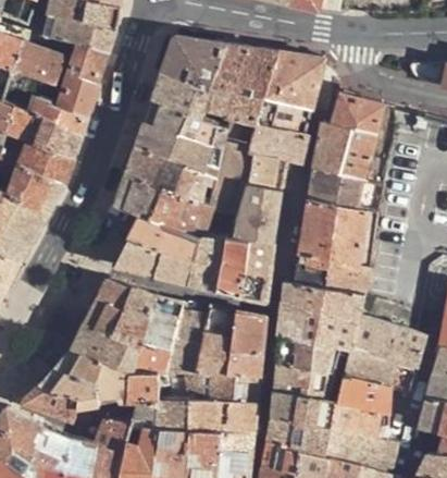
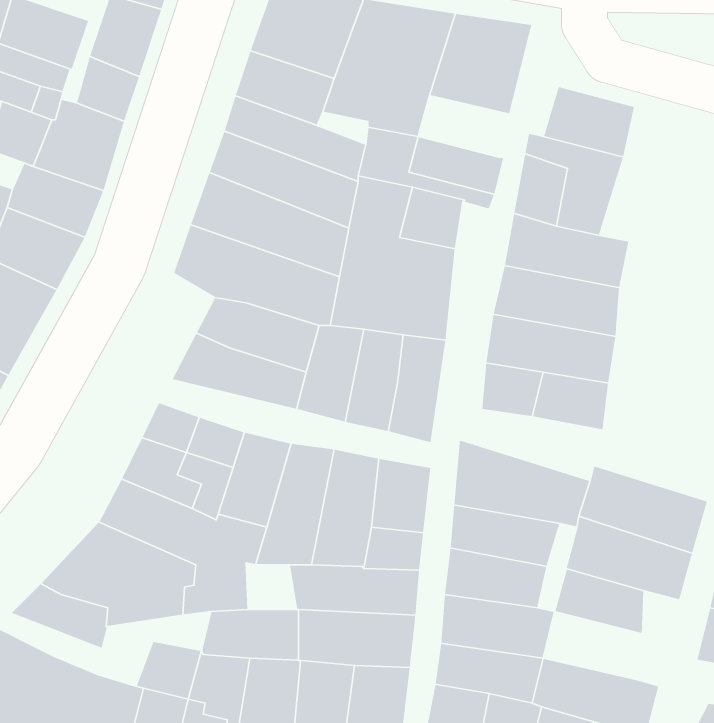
building: [257,99,310,135] -> none
building: [281,280,364,323] -> none
building: [330,400,387,440] -> none

